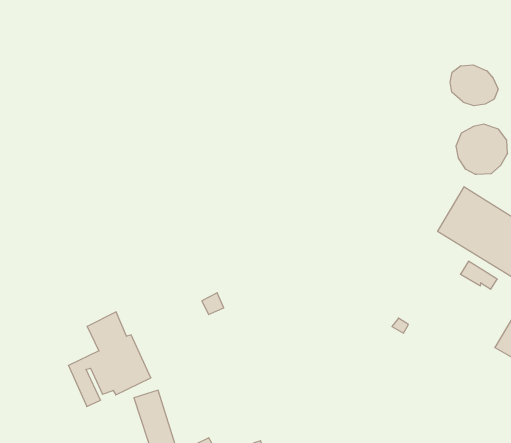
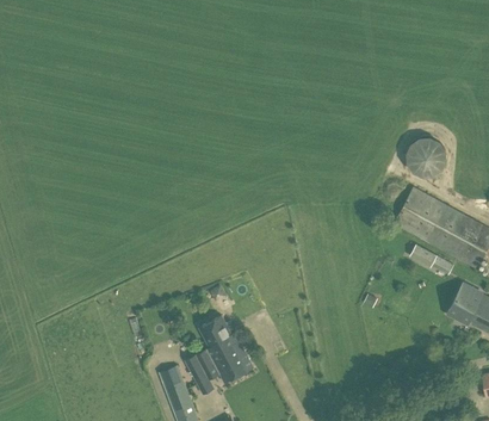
building: [450,65,498,106] -> none
building: [68,312,151,407] -> [186,315,253,392]

